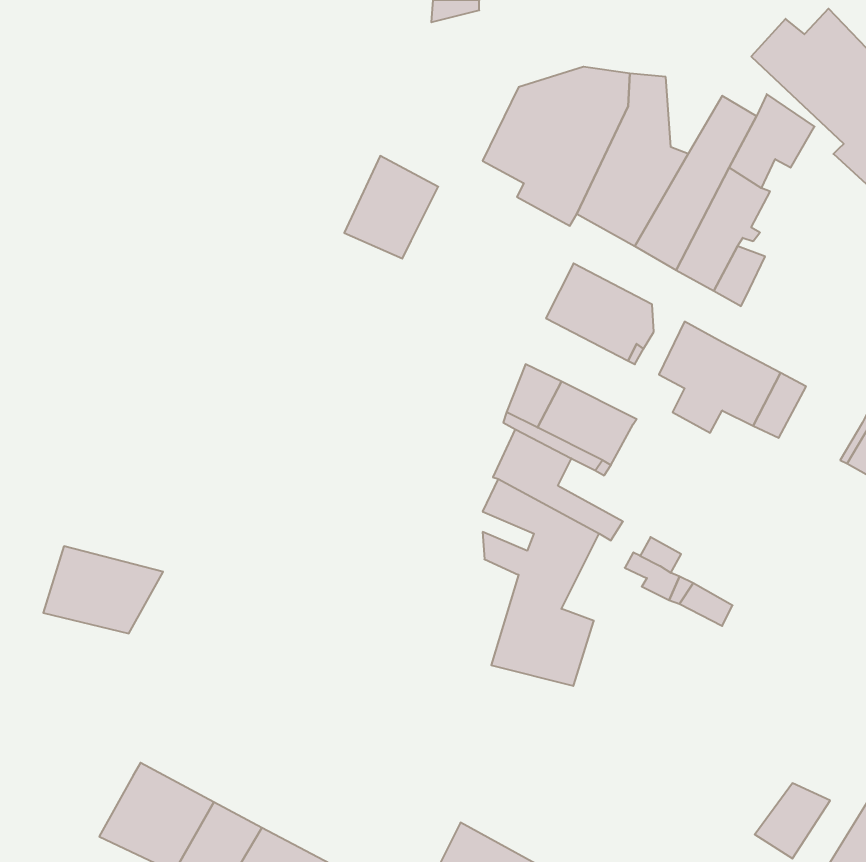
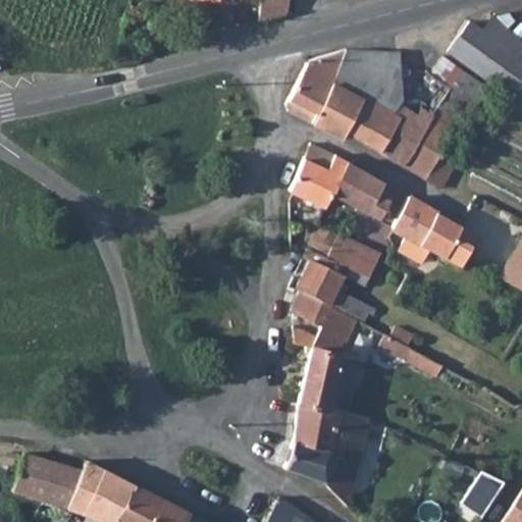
building: [344,156,438,259] -> [291,146,347,207]
building: [43,546,163,633] -> [13,454,85,506]
building: none -> [286,404,367,509]

